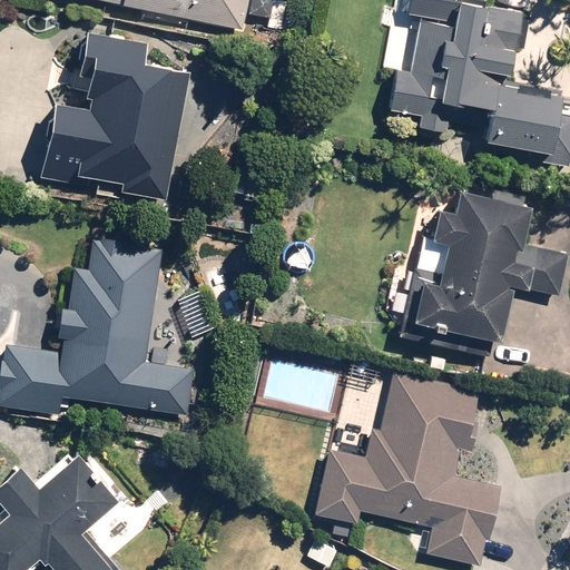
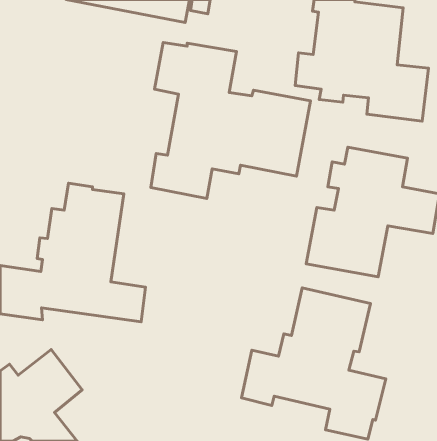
building: [39,31,190,203] -> none
building: none -> [151,42,311,198]

